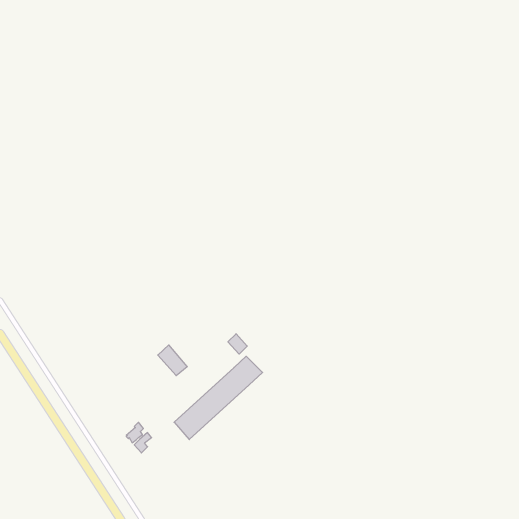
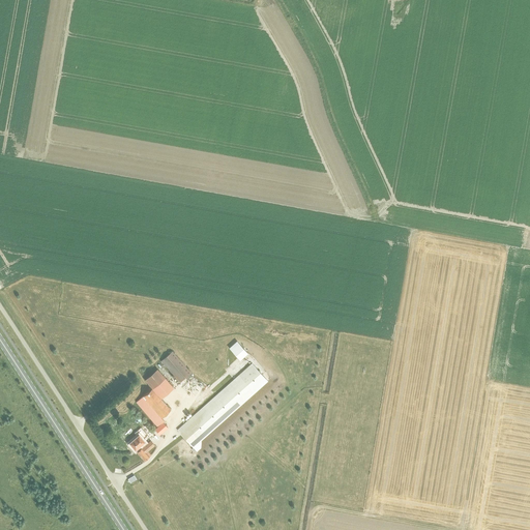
building: none -> [129,371,174,435]

